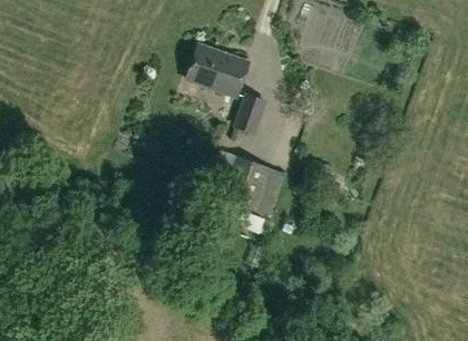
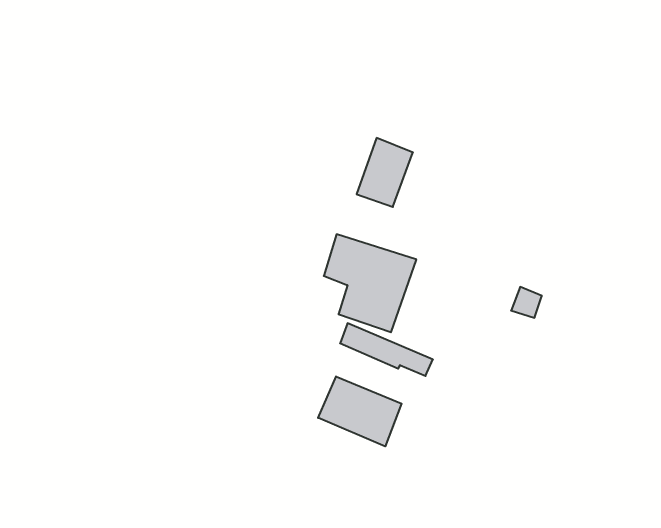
building: [188,46,250,97] -> none
building: none -> [318,376,402,446]

